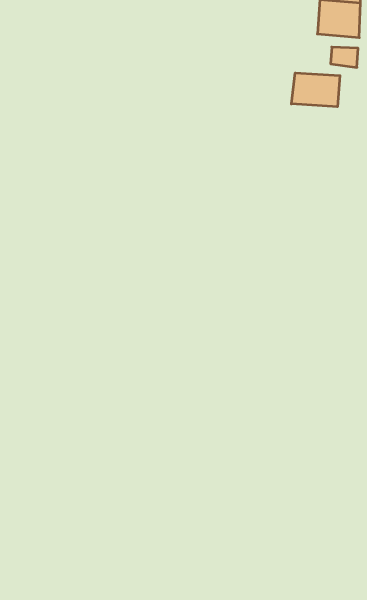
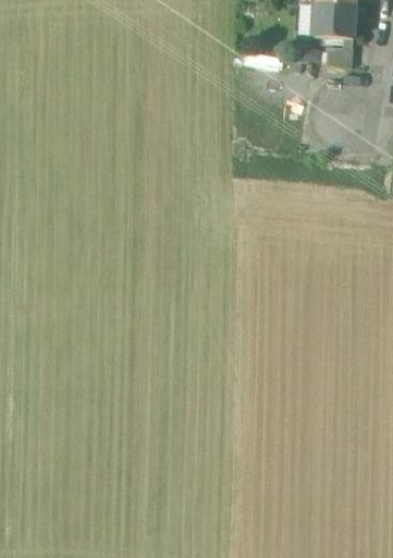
building: [291,73,340,107] -> none

